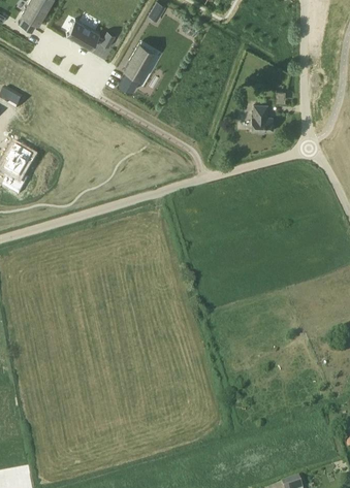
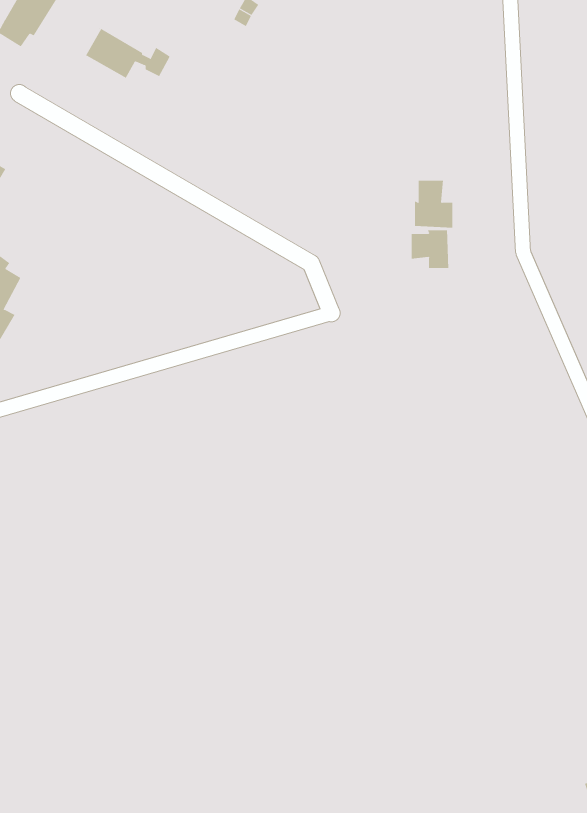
building: [119,45,153,89] -> none
building: none -> [411,229,449,269]

